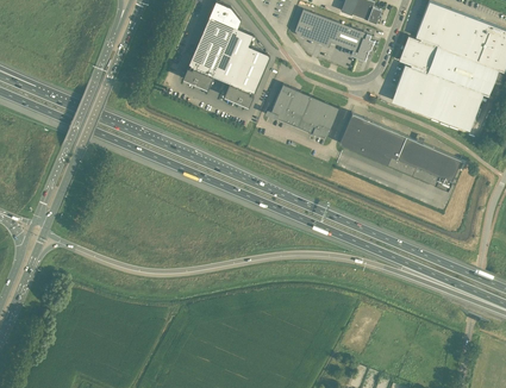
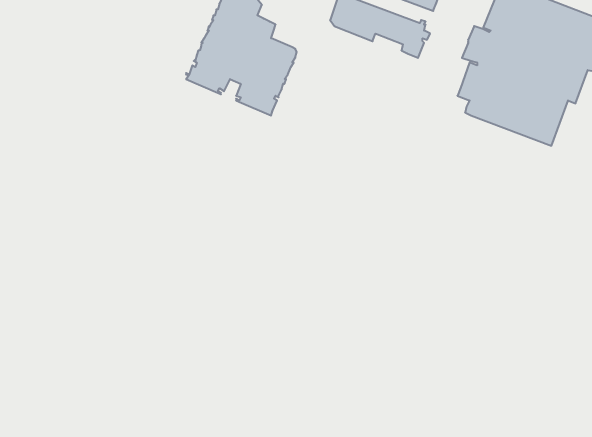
building: [267,85,338,139] -> none
building: [337,113,460,190] -> none

